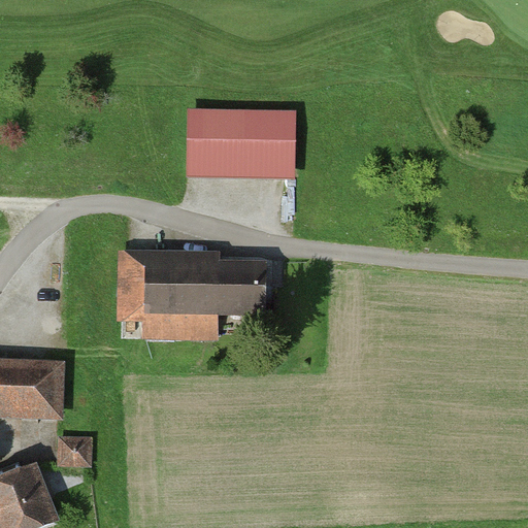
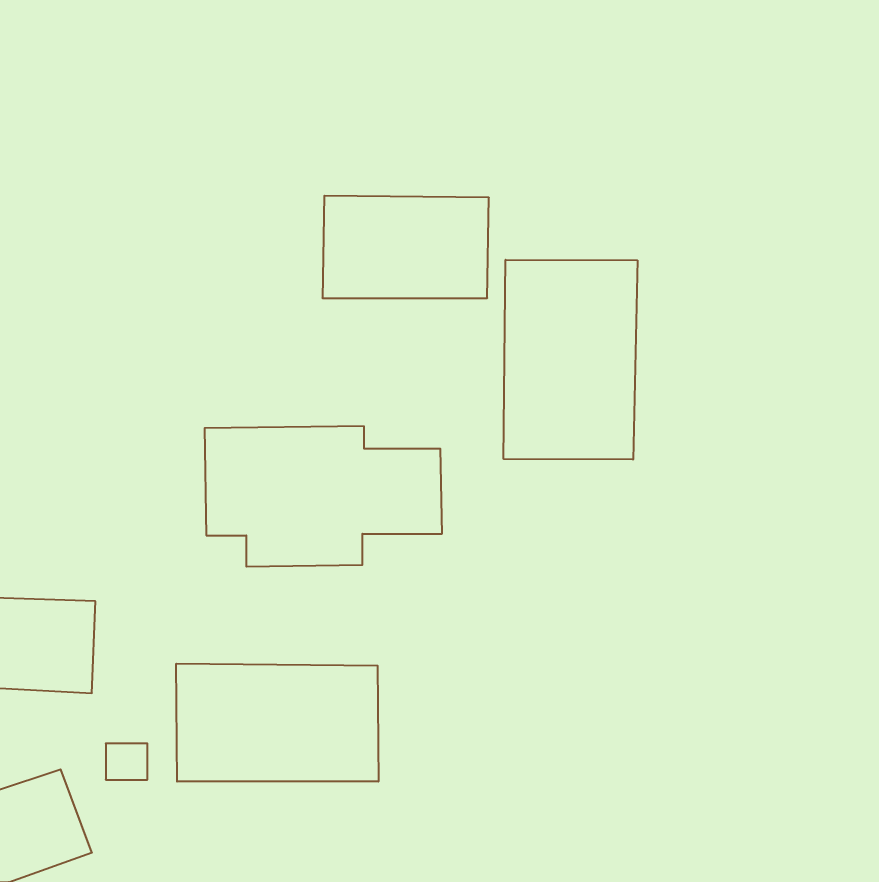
building: none -> [504,260,637,460]
building: none -> [176,664,378,782]

